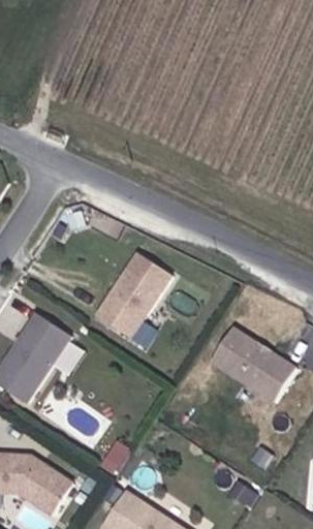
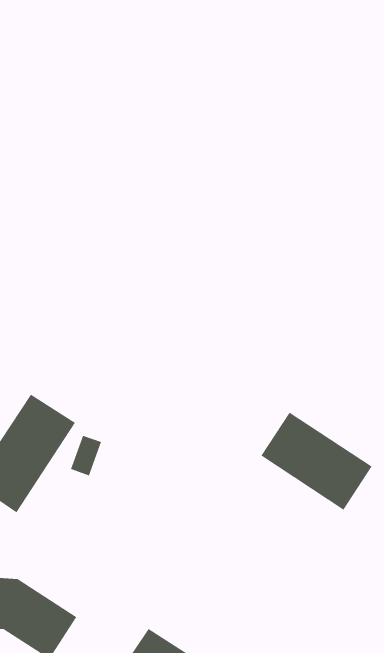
building: [97,253,173,338] -> none

